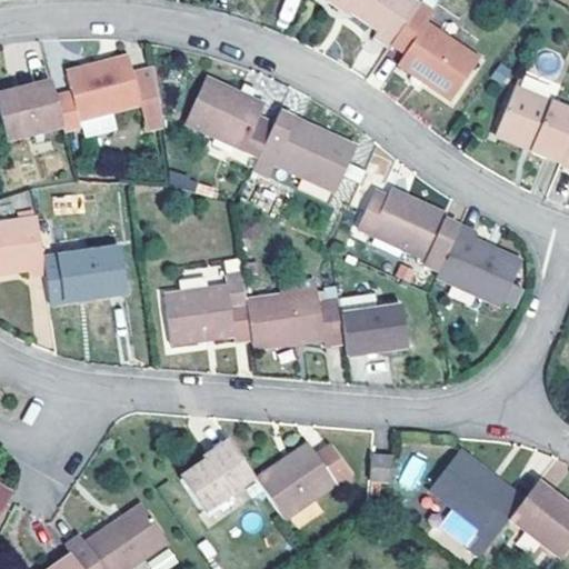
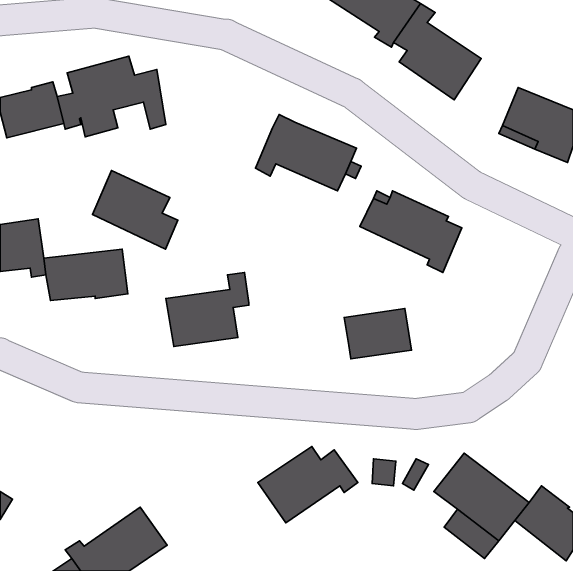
building: [186,78,270,156] -> [93,171,178,249]
building: [436,226,521,305] -> none
building: [247,289,346,348] -> none
building: [179,442,253,510] -> none

